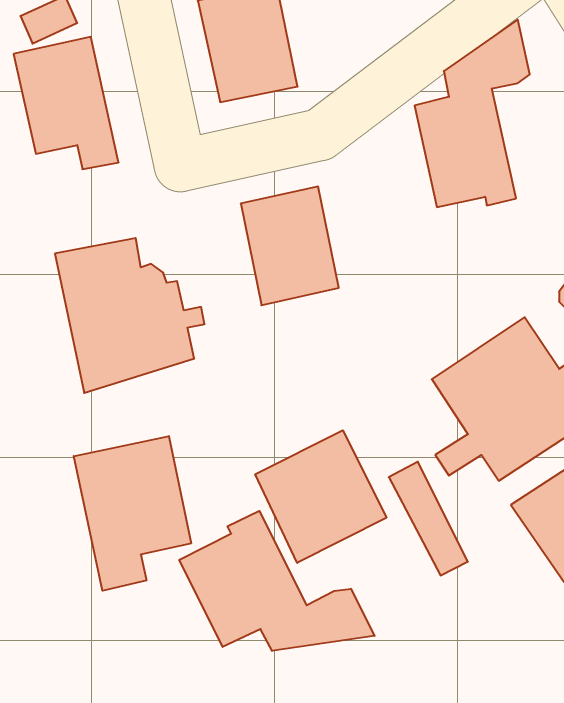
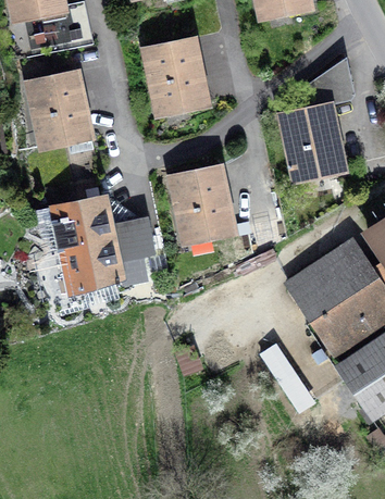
building: [255,430,386,563] -> none
building: [74,436,191,591] -> none
building: [179,511,375,651] -> none

